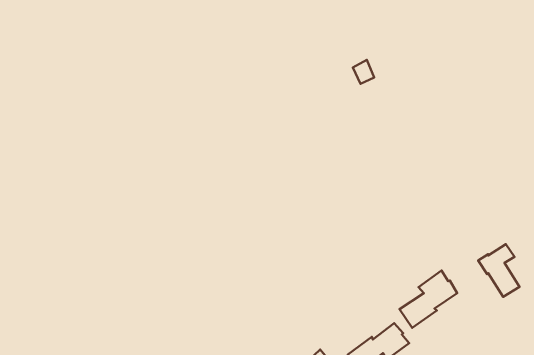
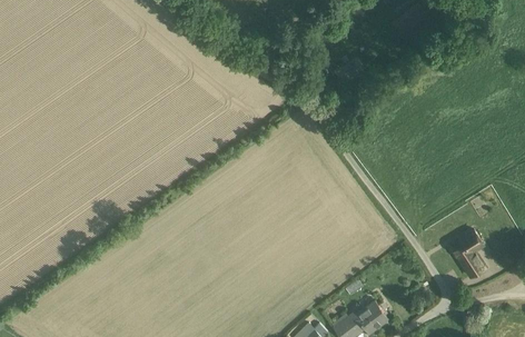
building: [399,270,457,328] -> none

